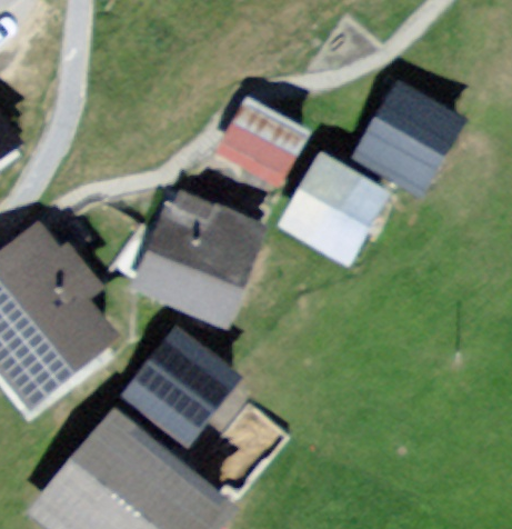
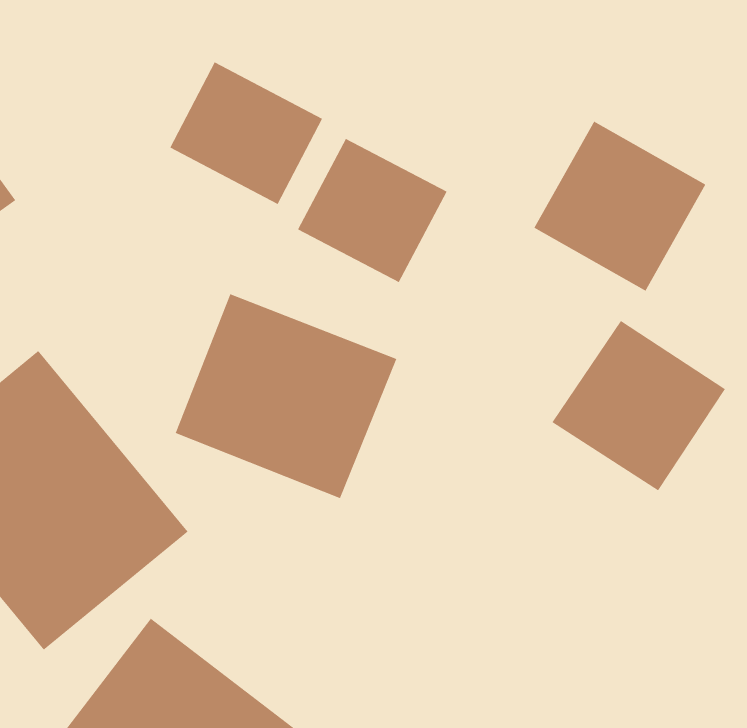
building: none -> [170,62,323,205]
building: [282,154,394,264] -> [552,320,726,491]
building: [133,332,253,448] -> none

